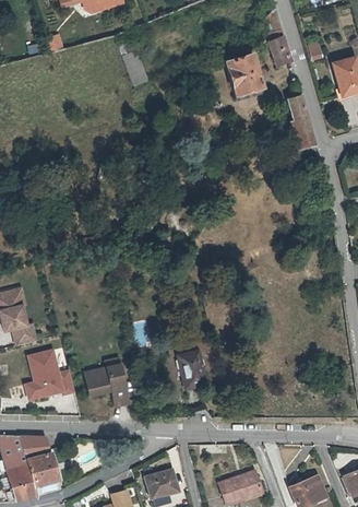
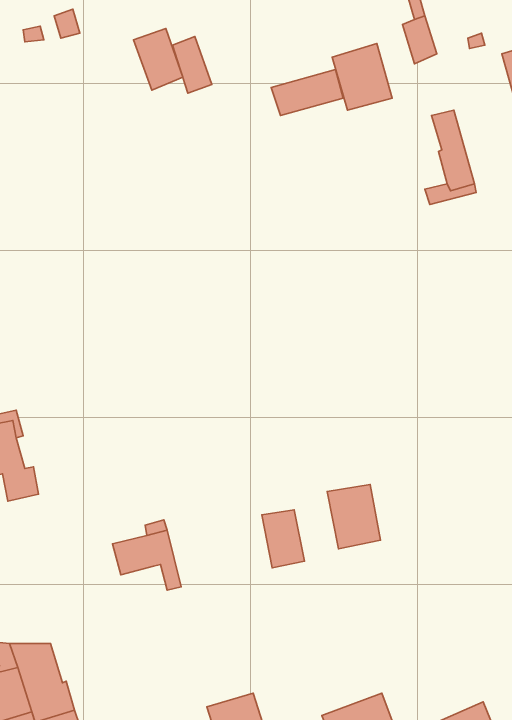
building: none -> [134,28,183,90]
building: none -> [271,69,343,115]
building: none -> [327,485,380,549]
building: [23,350,73,399] -> none

